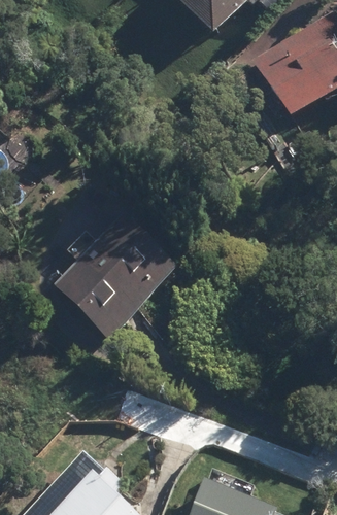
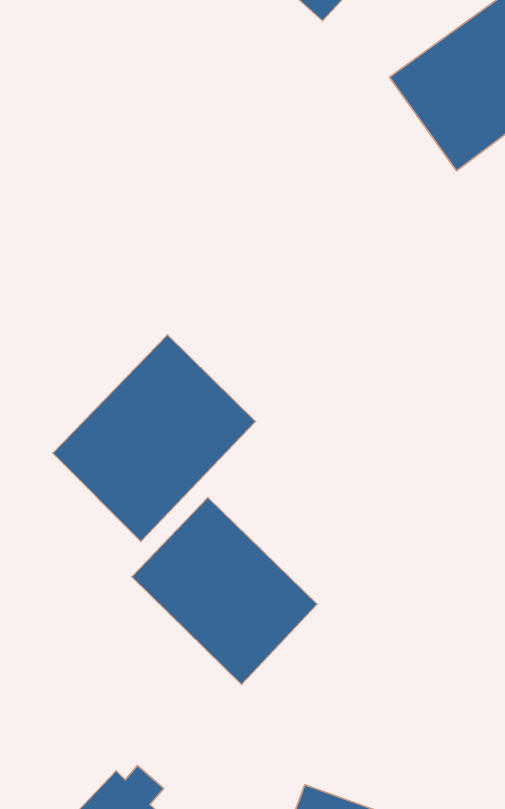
building: none -> [132,498,317,685]

